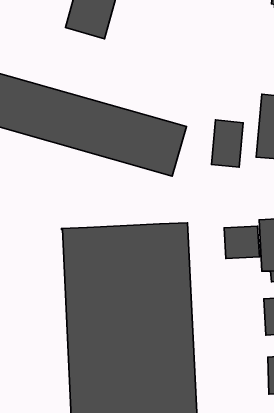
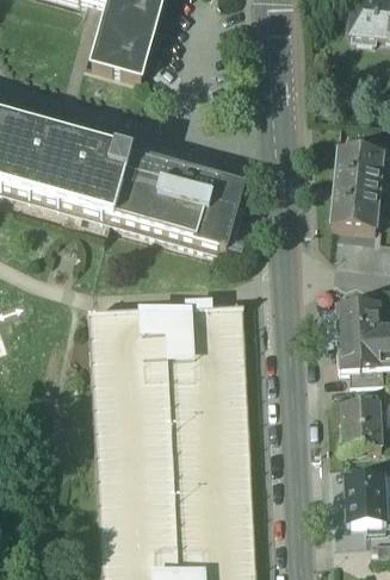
building: [211,120,243,167] -> none
building: [224,226,259,258] -> none

